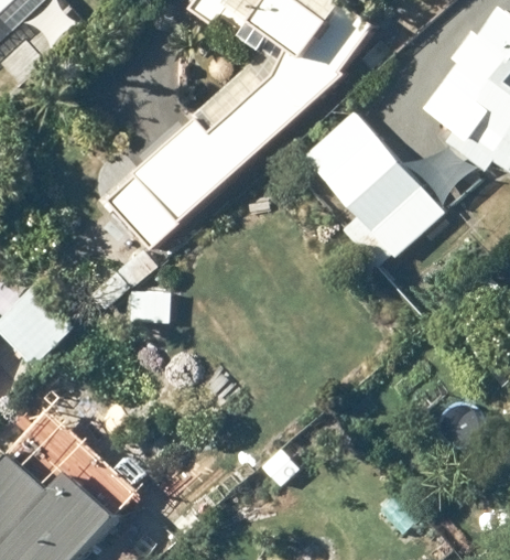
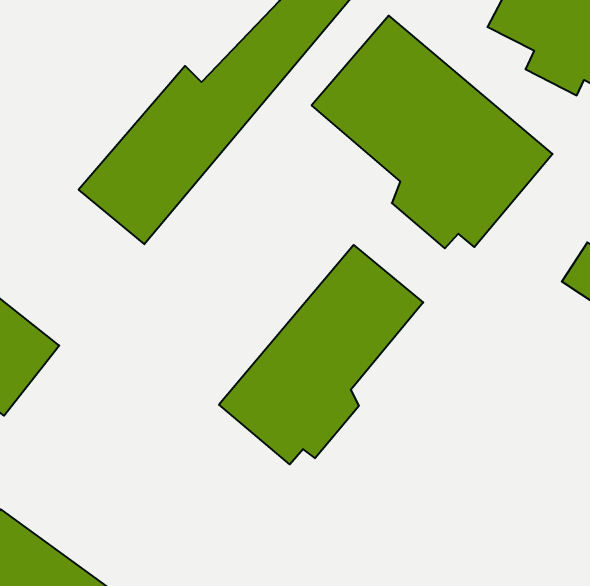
building: none -> [219,245,423,464]

